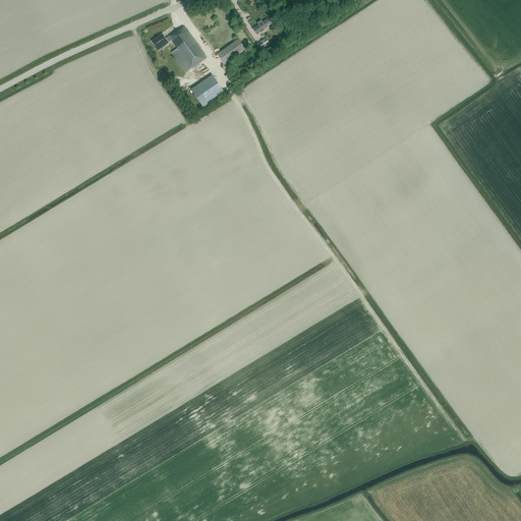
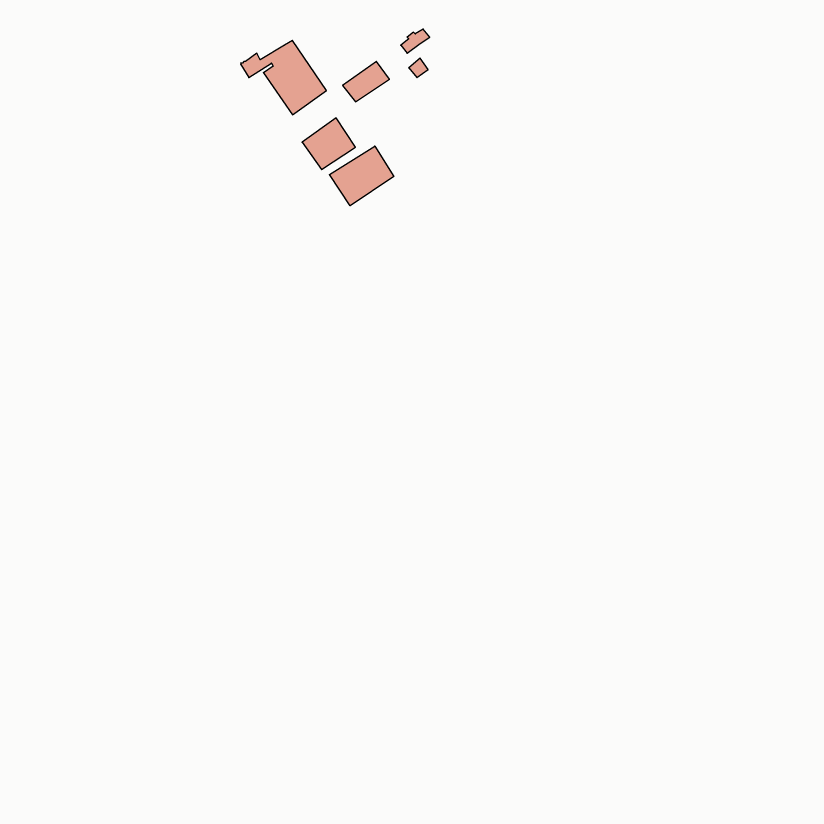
building: none -> [329,146,394,206]

